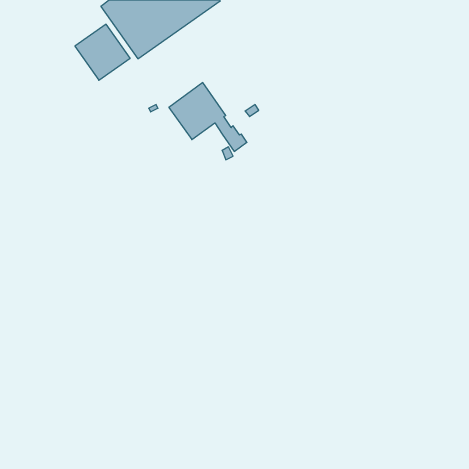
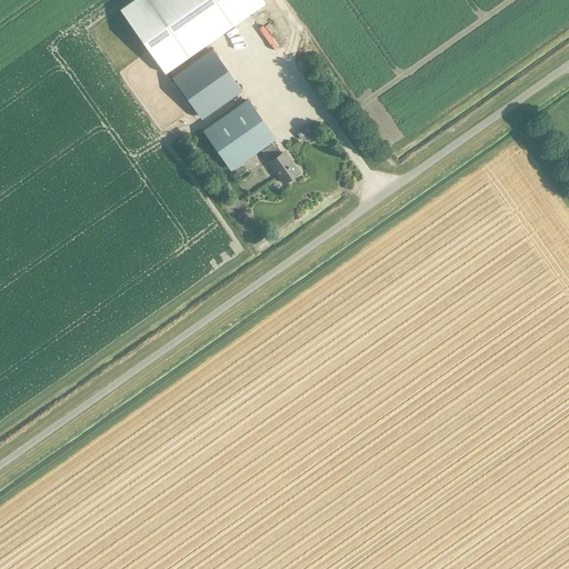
building: [75,24,130,80] -> [173,50,240,118]

